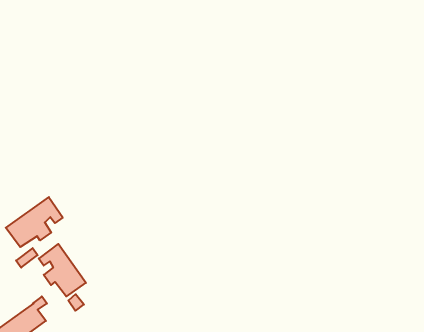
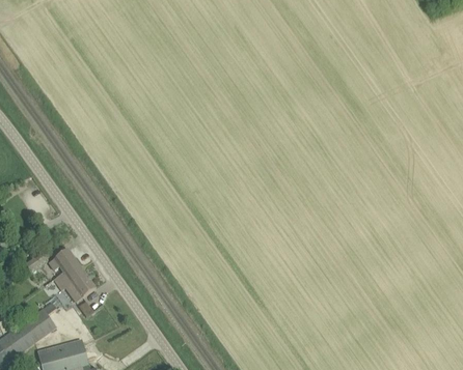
building: [6,197,63,247] -> none

